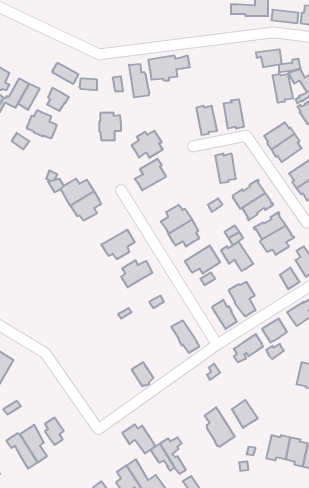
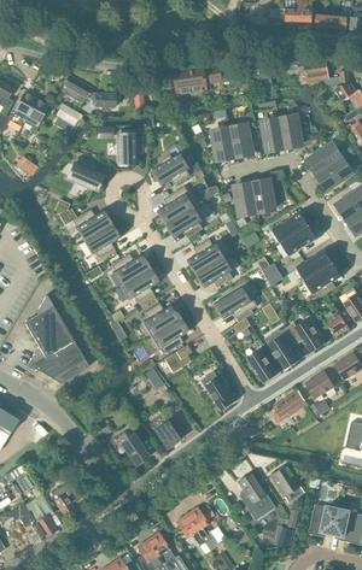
building: [129,64,149,97] -> none
building: [272,74,293,102] -> [279,116,303,148]
building: none -> [211,127,235,160]
building: [26,110,57,138] -> [68,157,103,189]
building: none -> [234,182,257,215]
building: none -> [167,205,204,237]
building: none -> [111,253,150,283]
building: [221,242,253,271] -> [287,318,325,352]
building: none -> [24,294,88,382]
building: none -> [150,317,188,353]
building: [122,424,156,454] -> [110,430,148,464]

